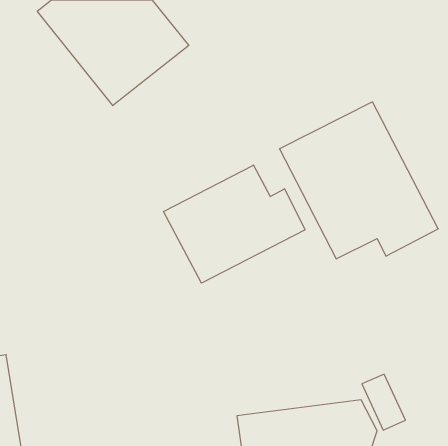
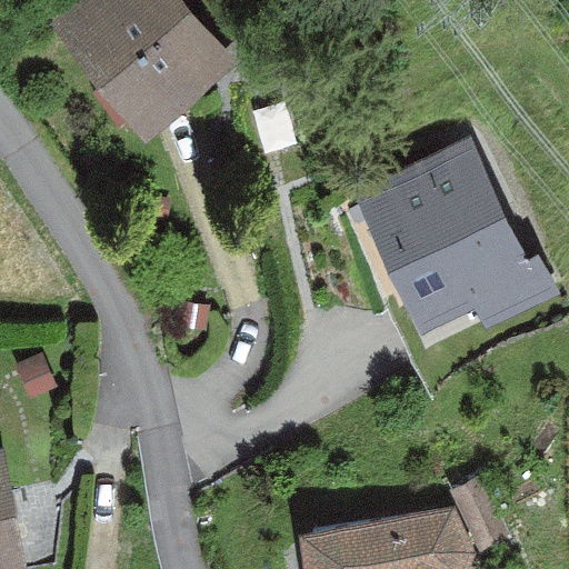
building: [164,165,305,283] -> none

